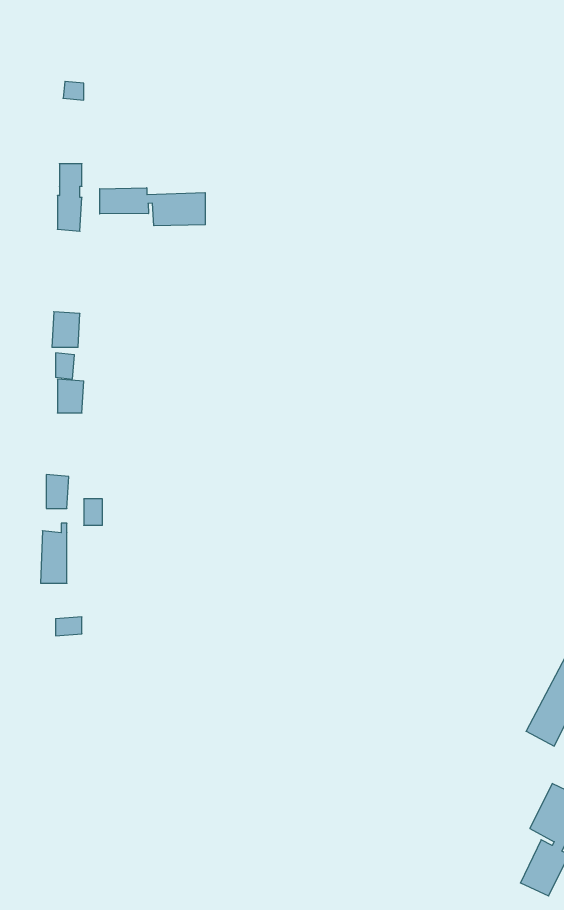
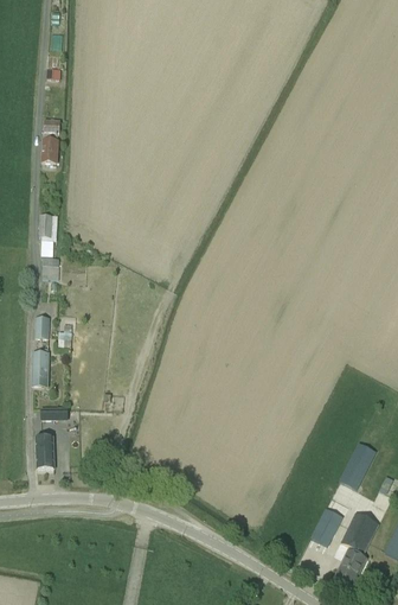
building: [100,188,205,226] -> none
building: none -> [36,437,53,469]
building: none -> [310,508,342,544]

